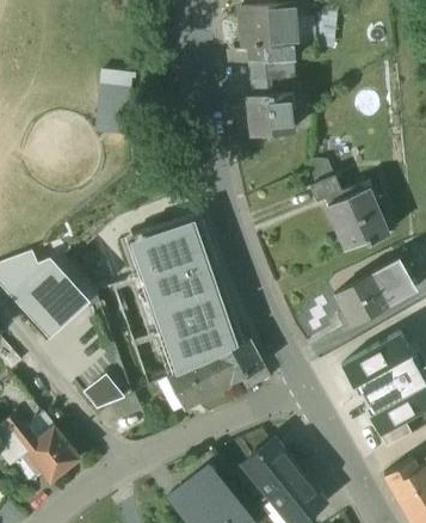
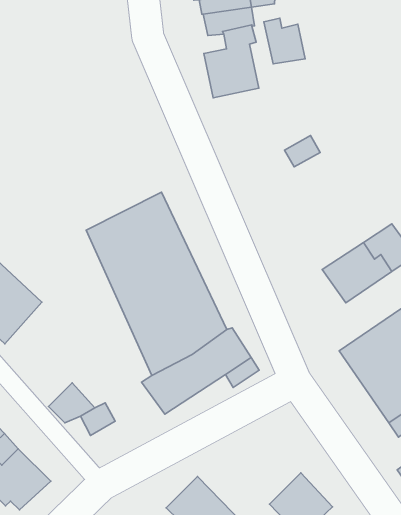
building: [95,69,130,130] -> none
building: none -> [264,18,305,64]
building: [326,186,387,248] -> none
building: [242,439,298,496] -> none

